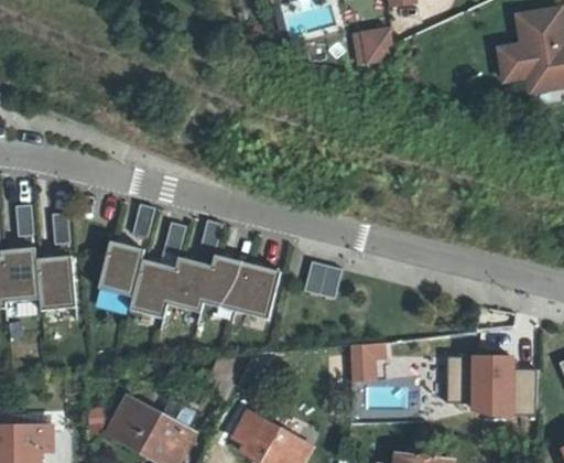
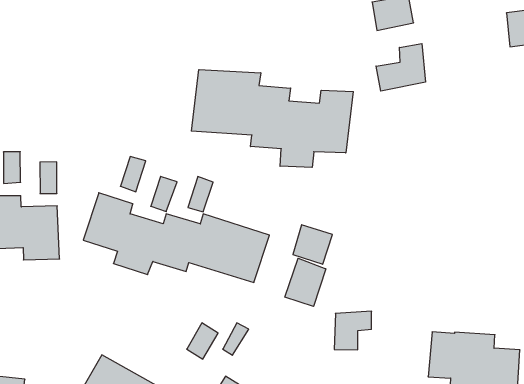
building: none -> [376,44,425,91]
building: none -> [191,70,353,167]
building: none -> [285,258,326,306]

